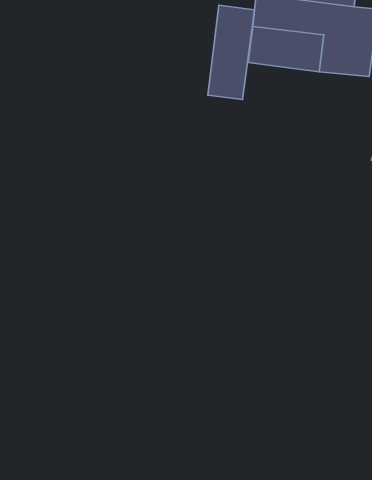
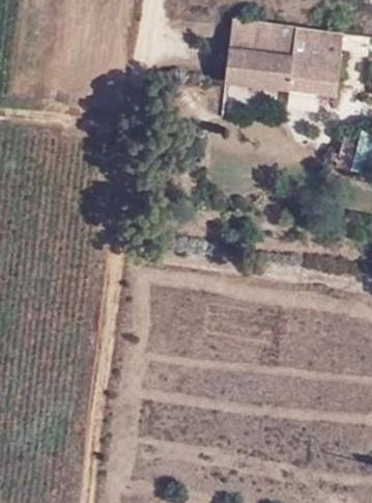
building: [208,5,255,99] -> none

